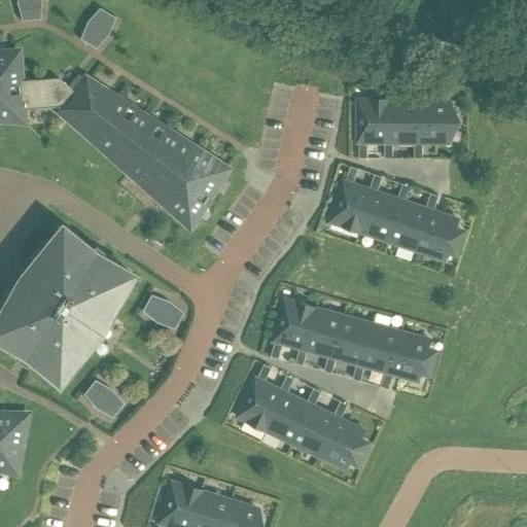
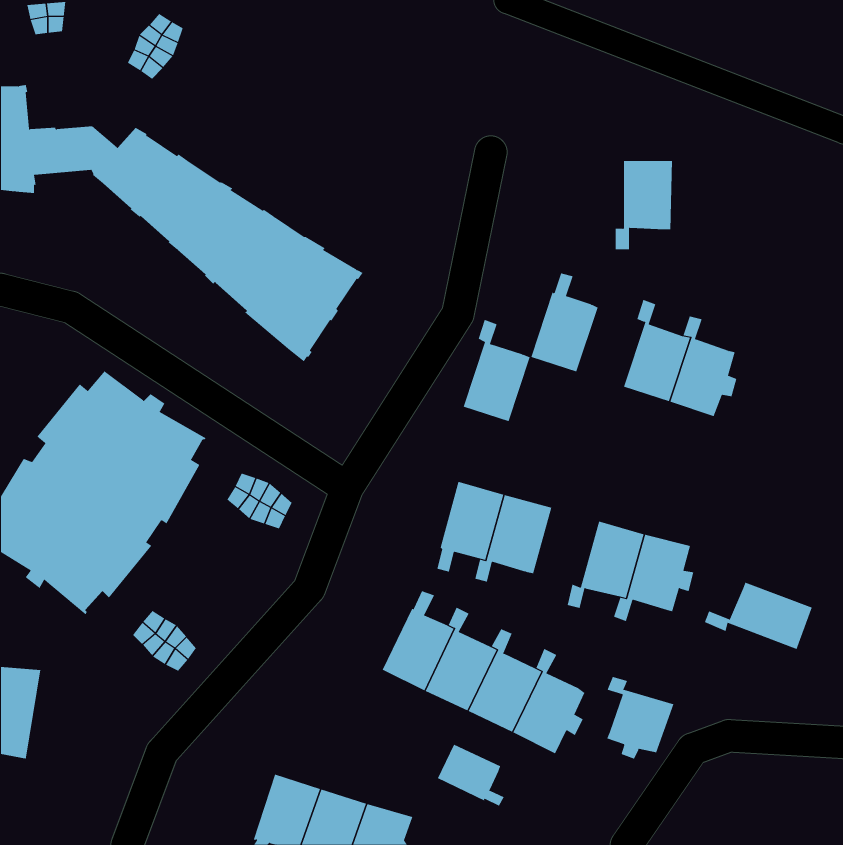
building: [359,100,389,155] -> none
building: [415,100,456,155] -> none
building: [360,177,402,241] -> [463,319,531,422]
building: [325,316,374,371] -> none
building: none -> [704,582,813,650]
building: none -> [606,676,674,759]
building: none -> [437,744,505,806]

